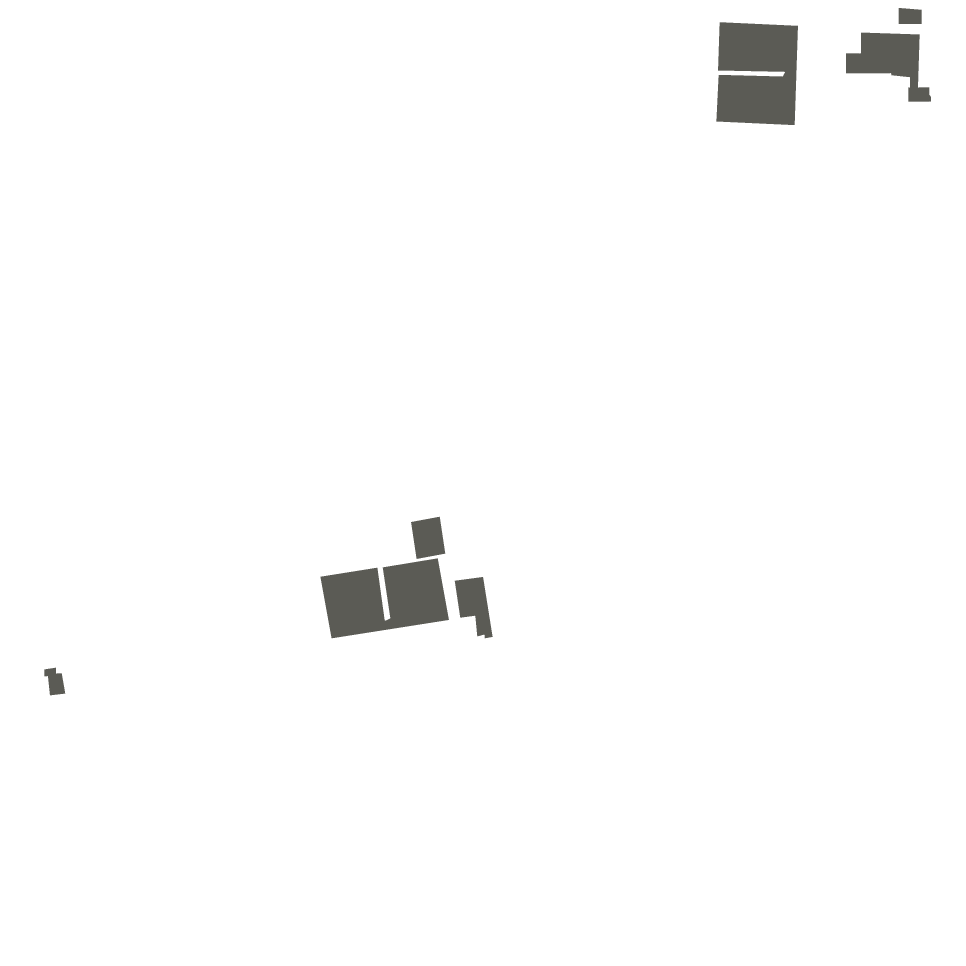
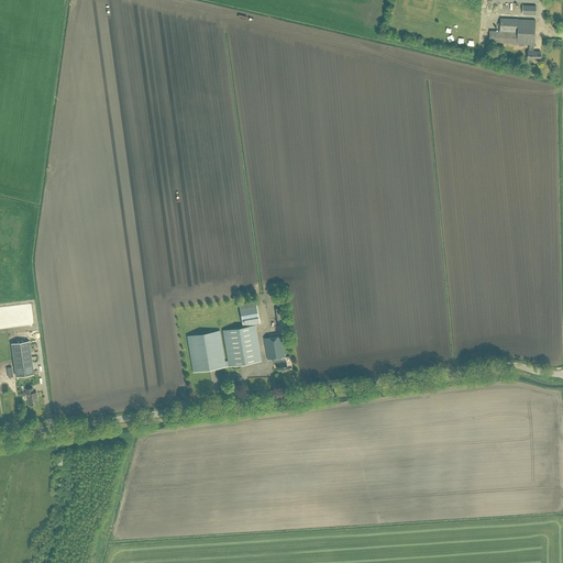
building: [716,22,798,126] -> none
building: none -> [11,341,33,376]

